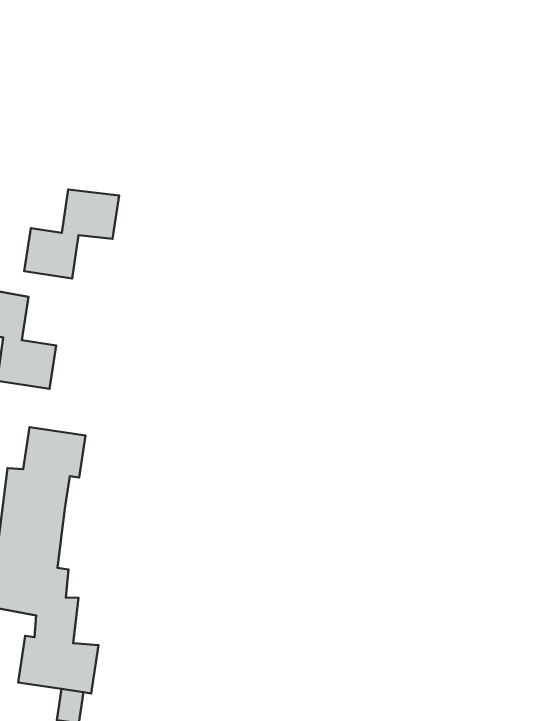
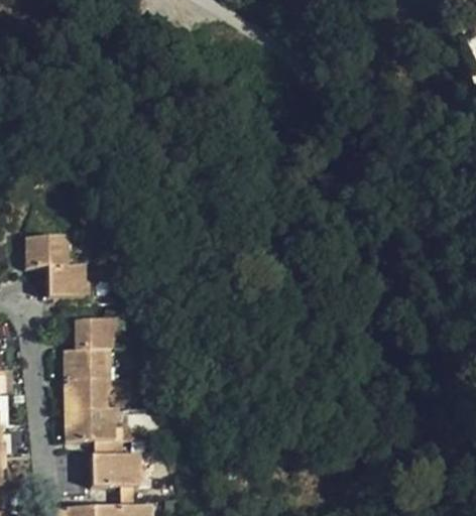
building: [24,190,119,278] -> none

